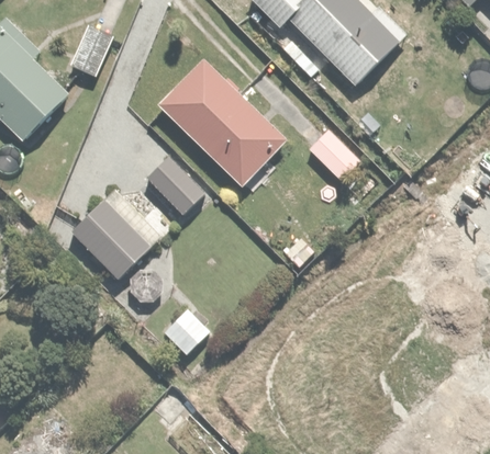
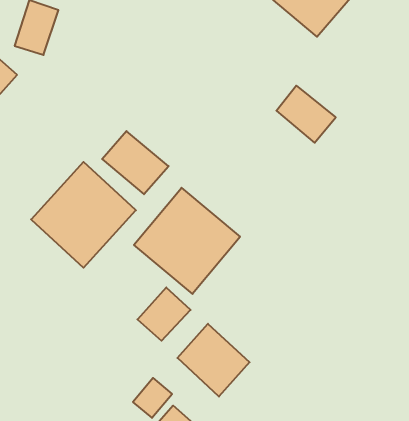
building: [156,57,286,185] -> none
building: none -> [134,188,240,294]
building: none -> [177,324,250,397]

